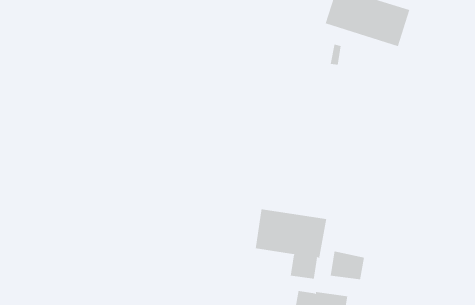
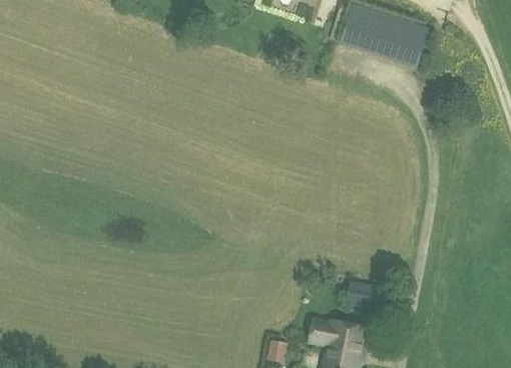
building: [255,208,327,279] -> none

